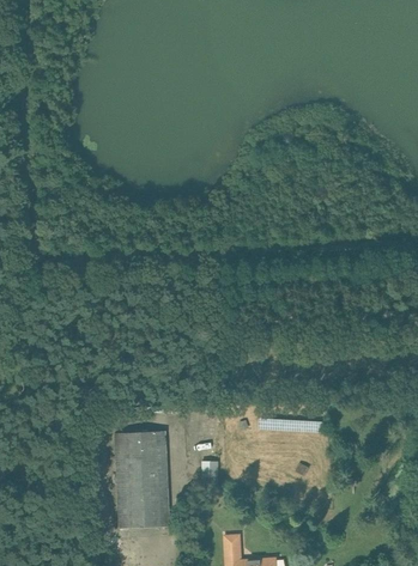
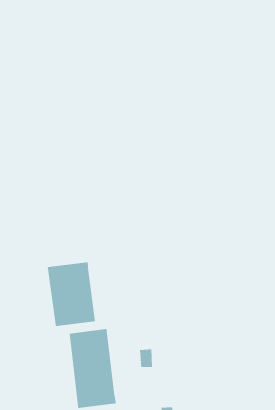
building: none -> [47,261,96,327]

